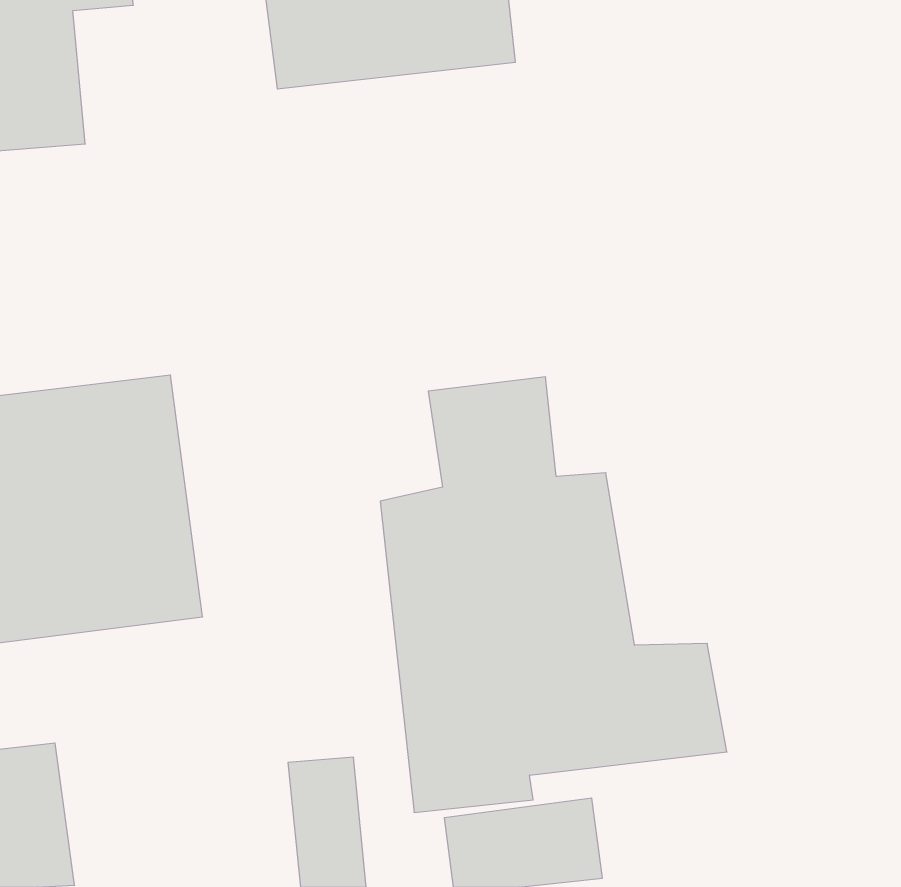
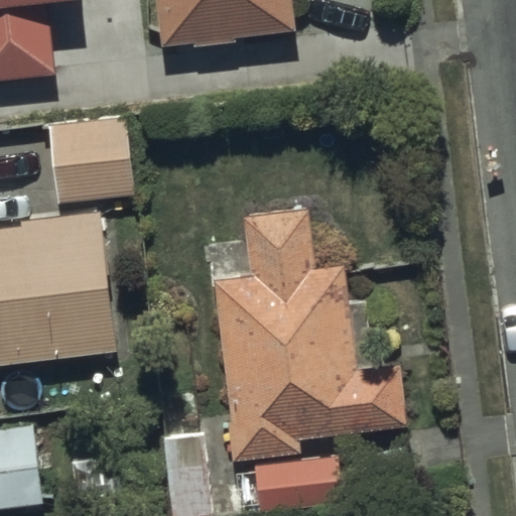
building: none -> [46,109,138,200]

